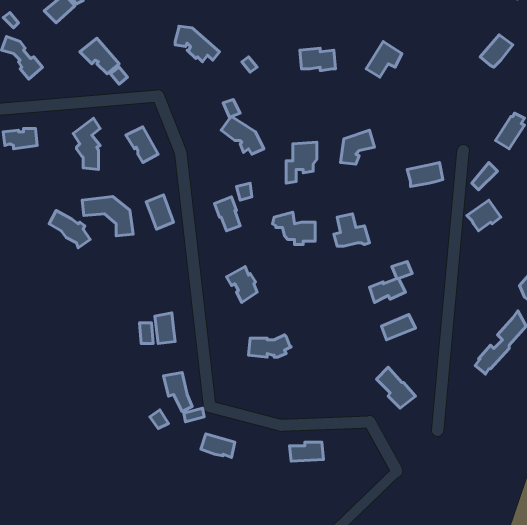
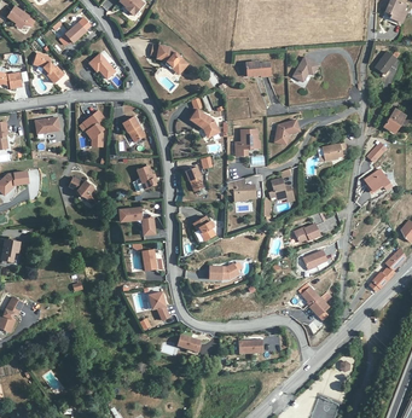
building: [82,197,133,236] -> [120,208,156,236]

